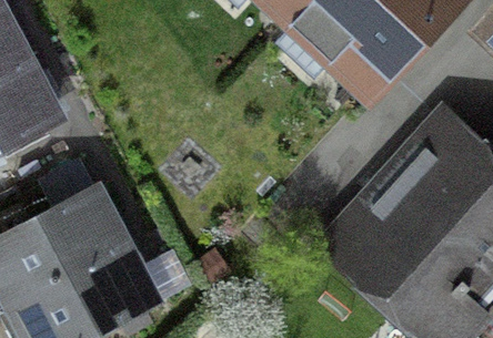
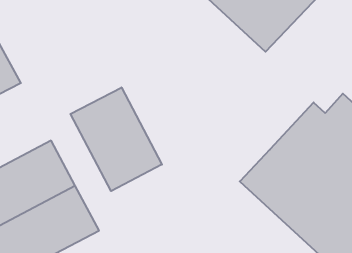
building: none -> [70,87,162,191]

